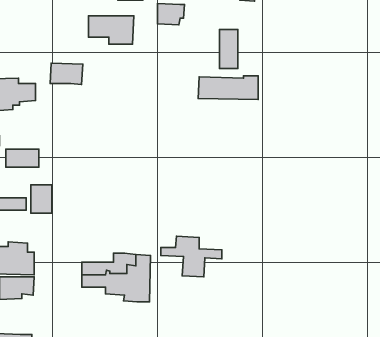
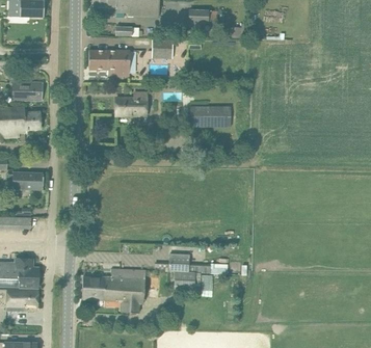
building: [219,30,238,68] -> none
building: none -> [115,92,145,115]
building: [50,63,83,85] -> [12,81,43,101]
building: [31,185,52,213] -> none

